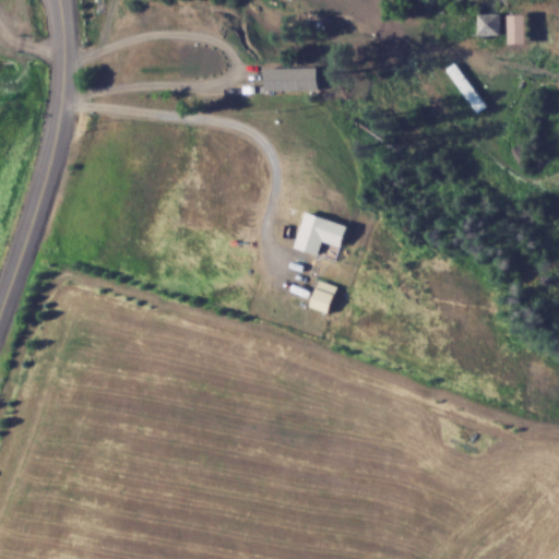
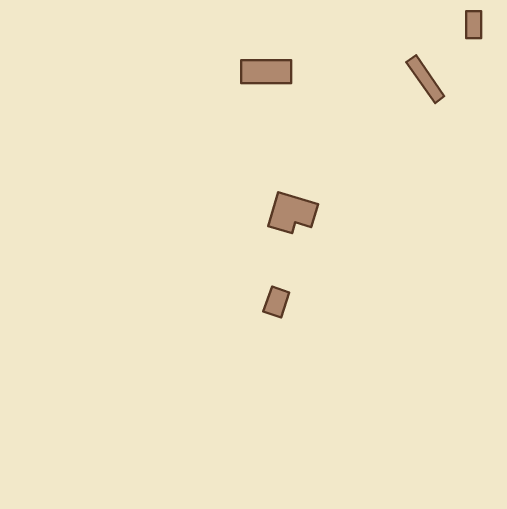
building: [477,14,500,36] -> none
building: [308,281,336,314] -> [263,286,289,317]

